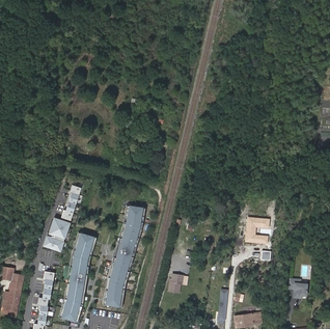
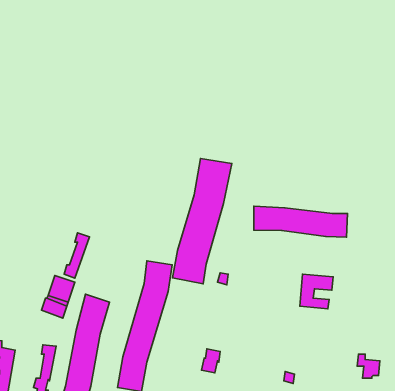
building: none -> [172,158,232,284]
building: none -> [254,206,348,237]

